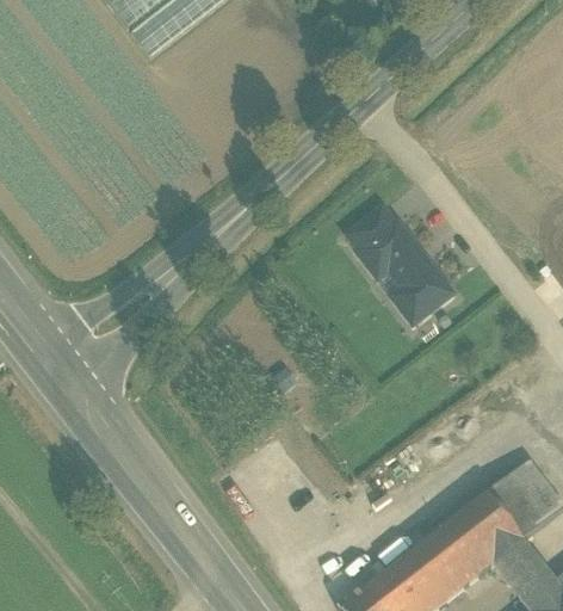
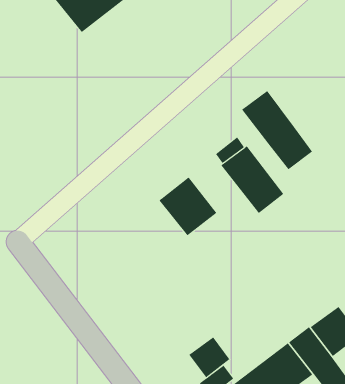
building: none -> [242,90,313,170]
building: none -> [159,177,217,236]
building: none -> [189,337,230,378]

